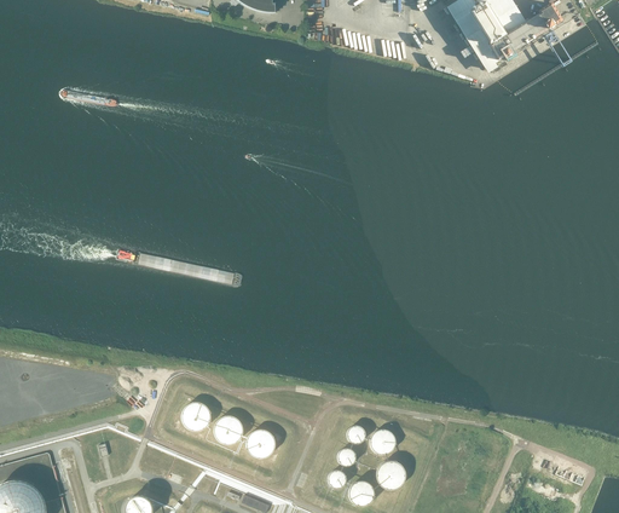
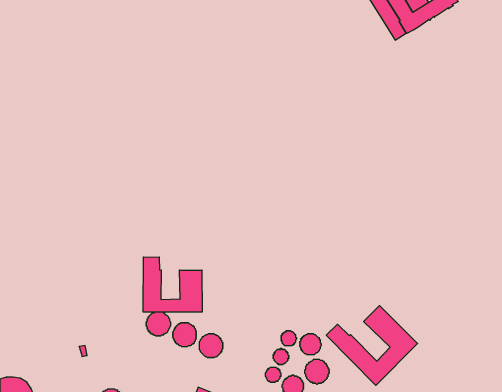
building: none -> [143,257,202,312]
building: none -> [326,306,418,385]

